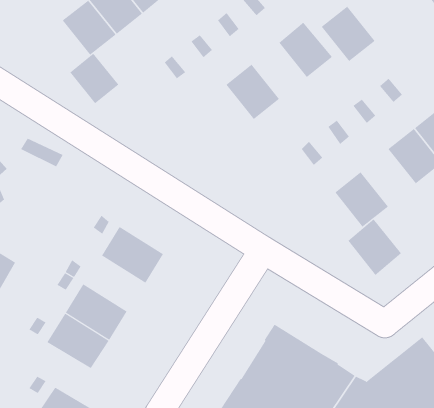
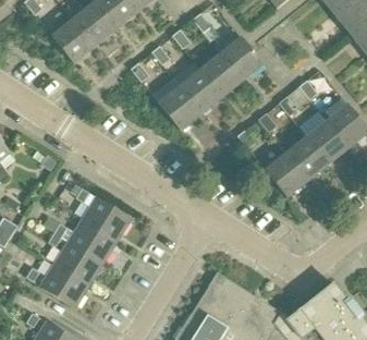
building: [321,6,375,62] -> [199,52,242,96]
building: [70,53,119,104] -> none
building: none -> [158,85,200,129]
building: [347,218,402,276] -> [284,135,327,180]
building: none -> [68,218,117,262]

